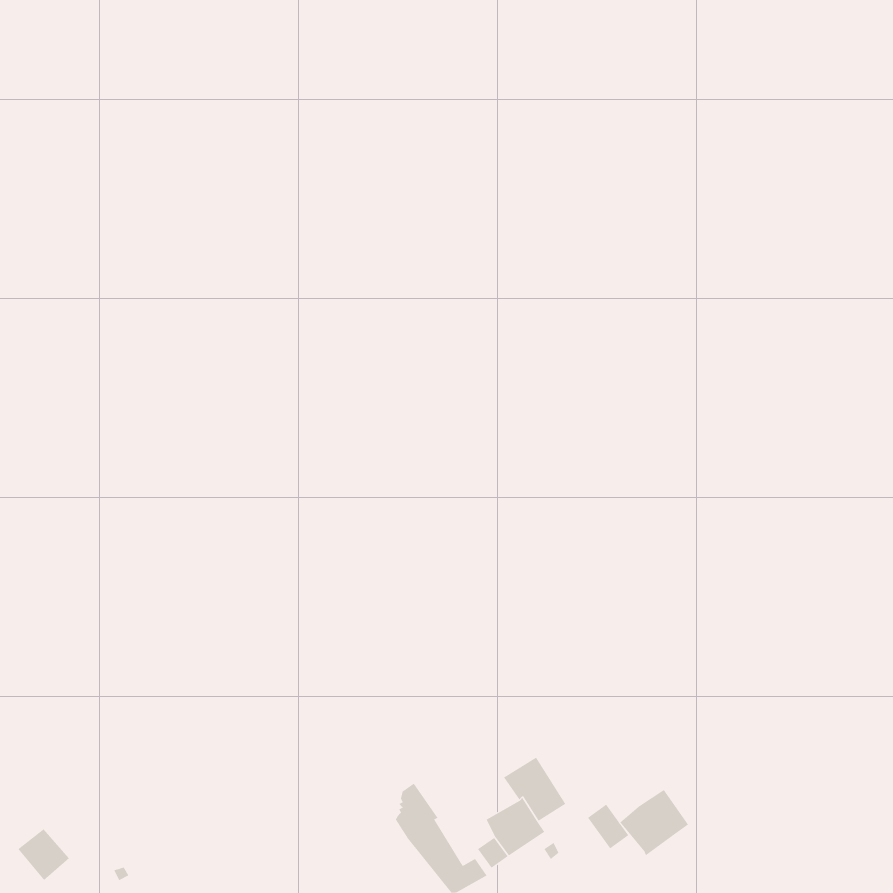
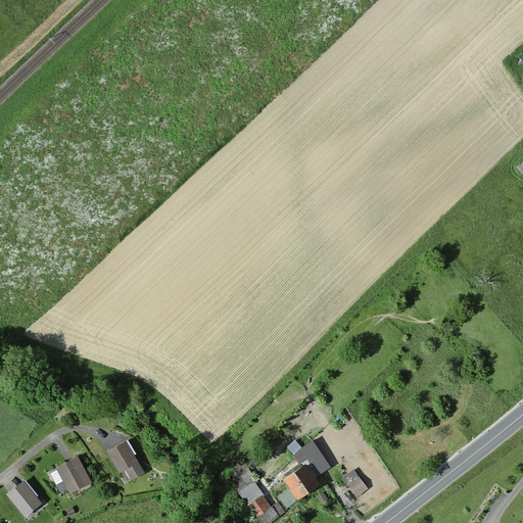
building: none -> [107,441,144,480]
building: none -> [58,455,90,488]
building: [620,789,689,856] -> none

